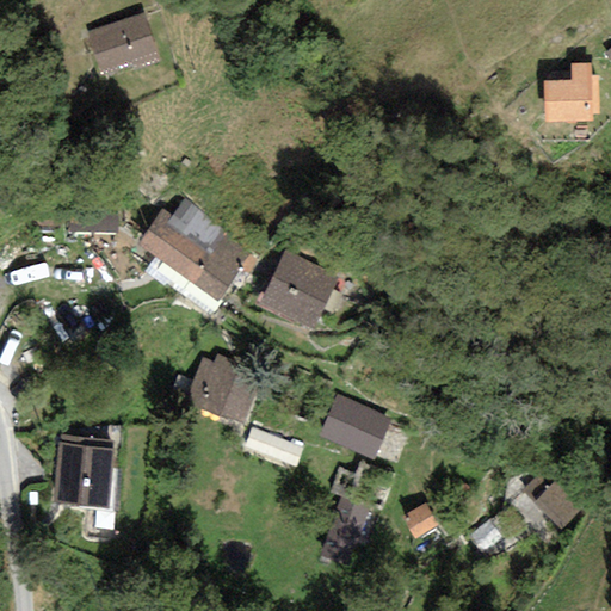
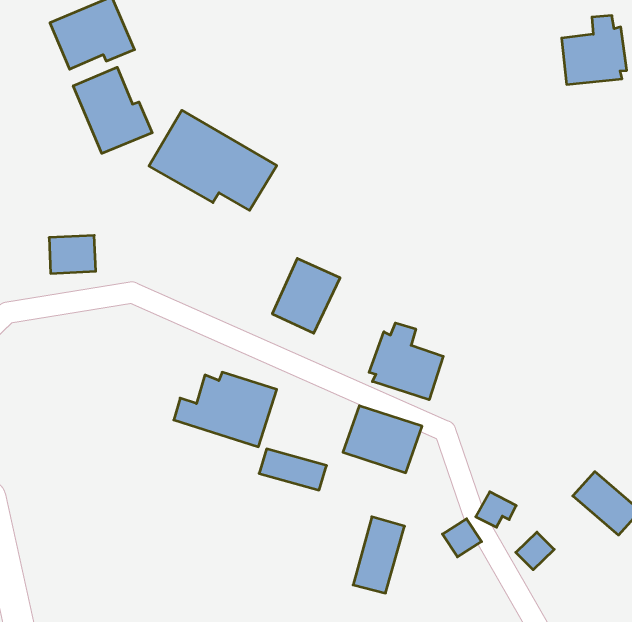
building: none -> [73,67,152,153]
building: [140,210,254,304] -> [149,110,277,210]
building: none -> [369,323,443,400]
building: [53,442,115,501] -> none

